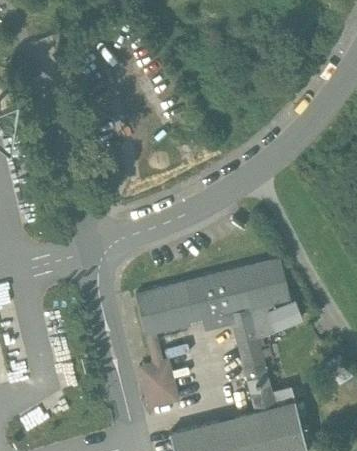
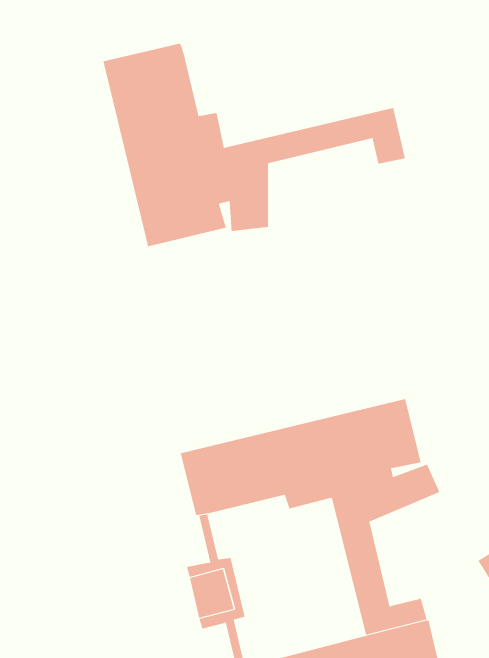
building: none -> [103,43,405,247]

